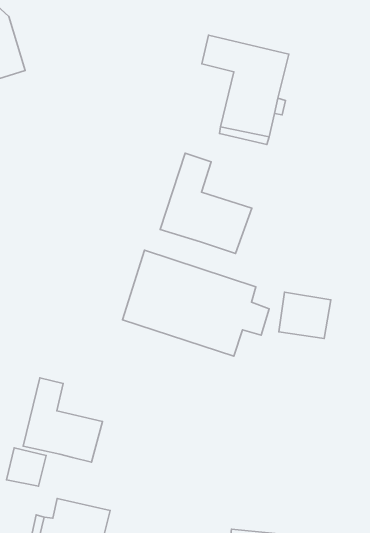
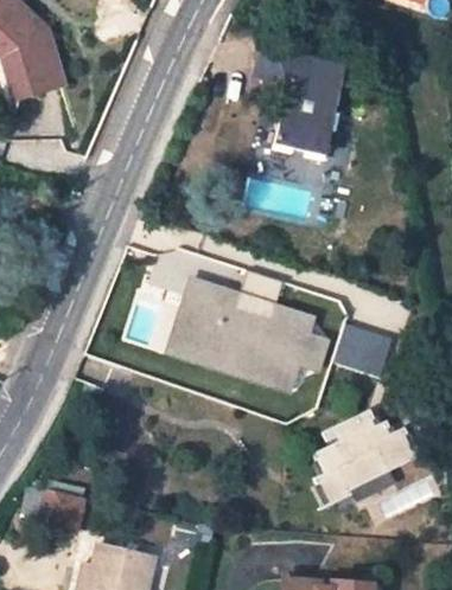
building: [160,153,252,253] -> none
building: none -> [306,415,419,505]
building: [23,378,102,462] -> none

